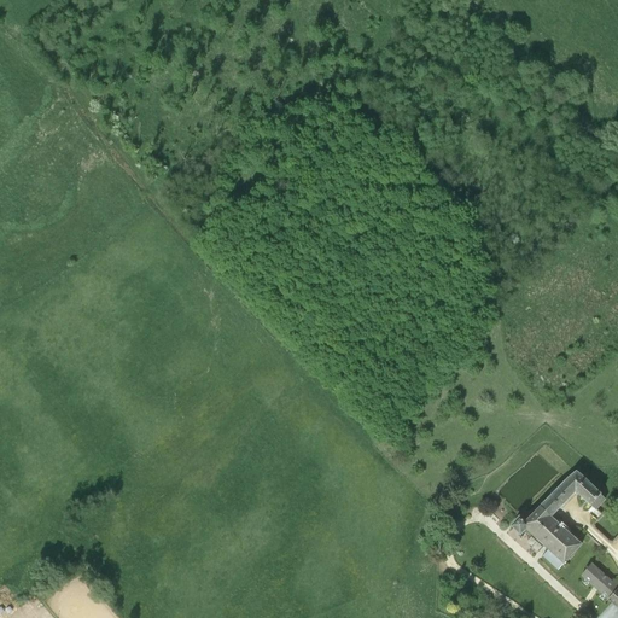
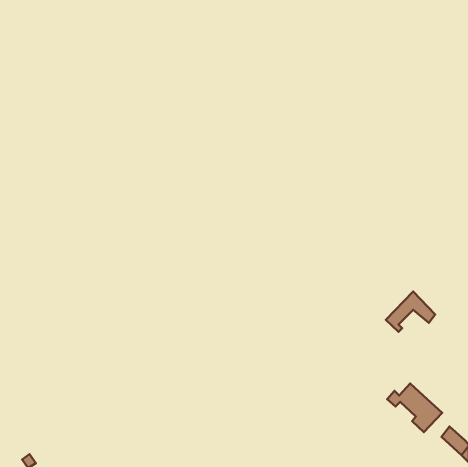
building: [541,467,606,520] -> [386,291,435,332]

